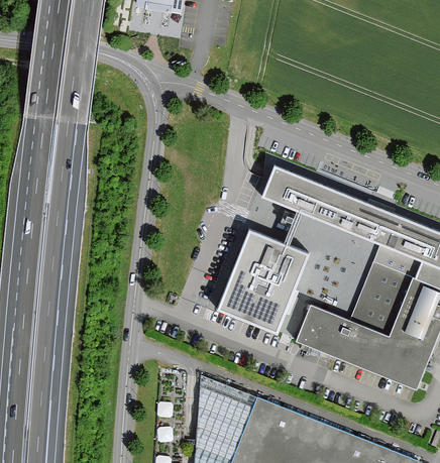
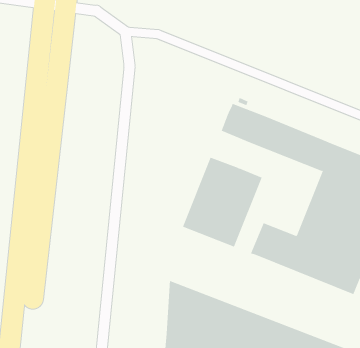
building: [277,213,378,342] -> none

